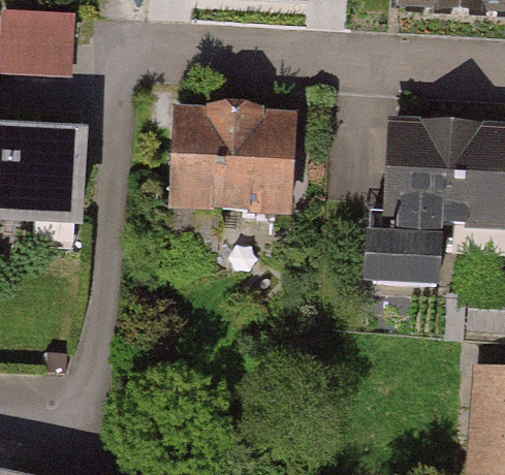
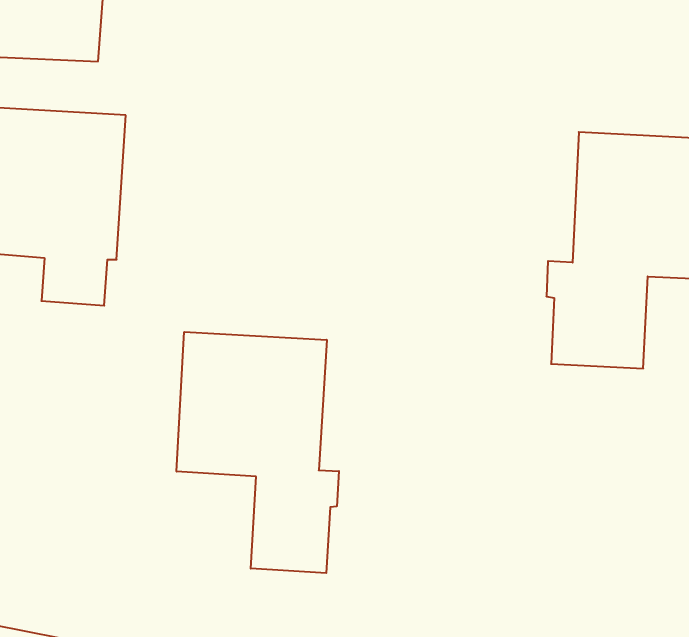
building: [175,114,291,212] -> none
building: none -> [177,332,339,573]

